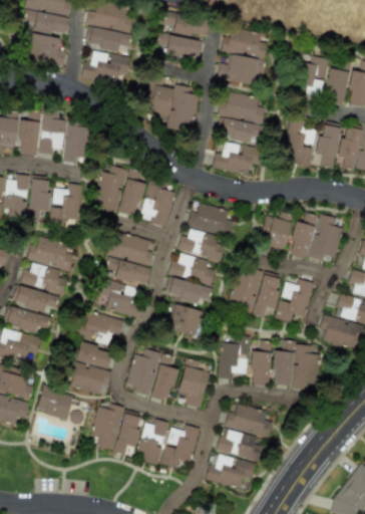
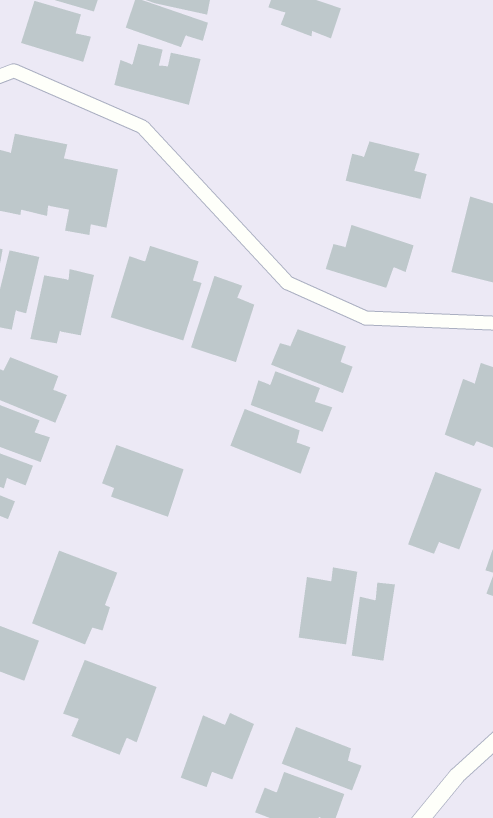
building: [218,26,268,84] -> none
building: [157,33,203,60] -> none
building: [145,74,199,133] -> none
building: [218,116,262,143] -> none
building: [259,215,292,254] -> none
building: [104,233,156,284] -> none
building: [230,265,283,317] -> none
building: [165,275,214,304] -> none
building: [167,303,203,336] -> none
building: [76,309,124,345] -> none
building: [272,341,322,391] -> none
building: [126,348,177,401] -> none
building: [178,358,210,408] -> none
building: [225,404,273,438] -> none
building: [137,416,170,465] -> none

